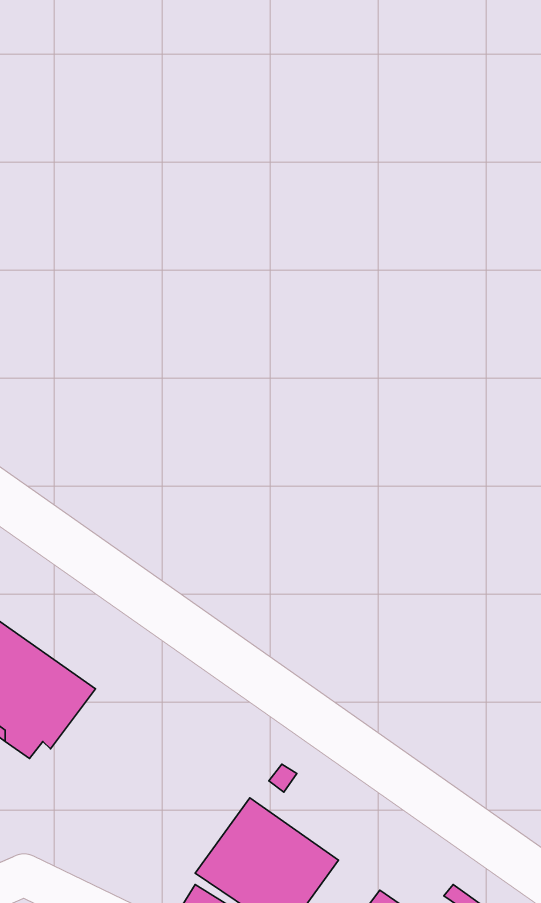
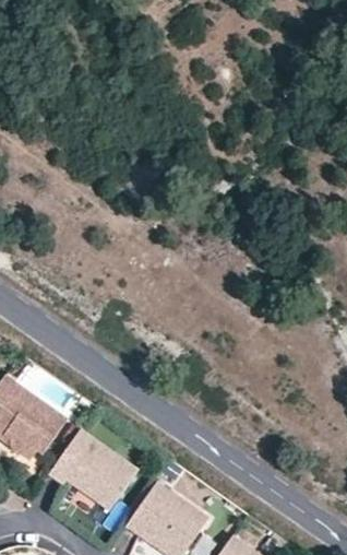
building: none -> [49,428,139,510]

